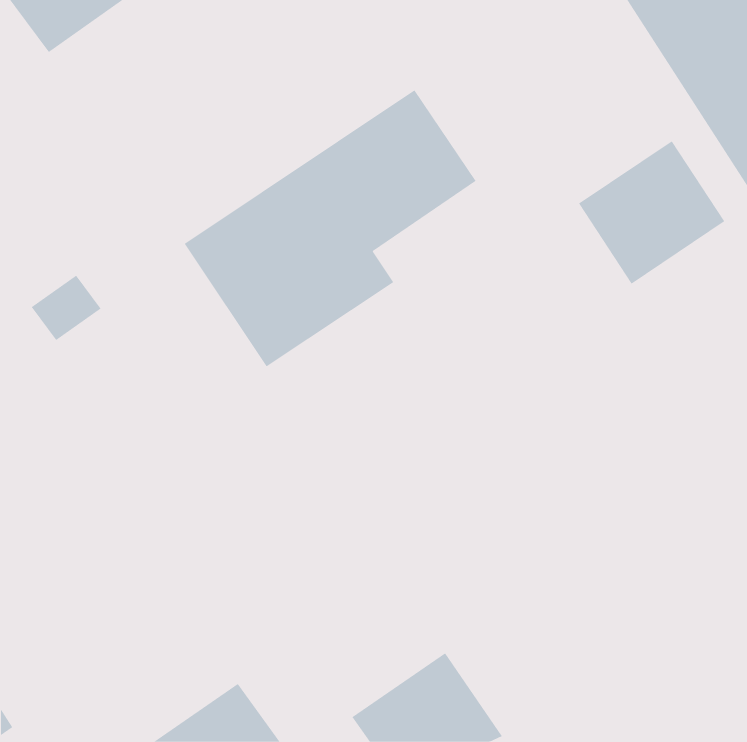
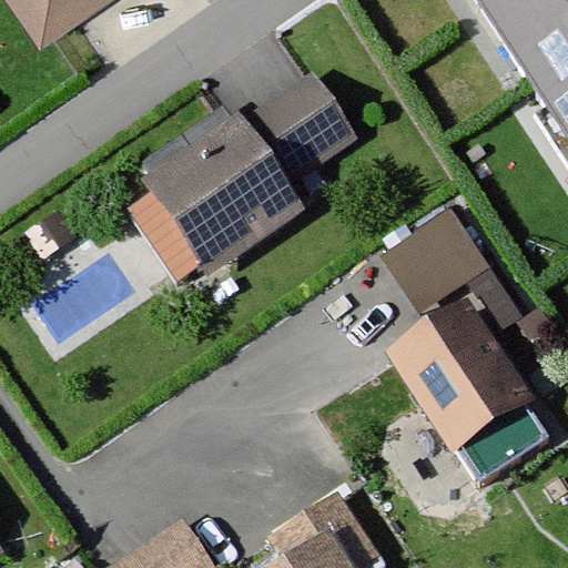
building: [578,140,725,284] -> [383,207,494,316]
building: none -> [382,305,530,460]

